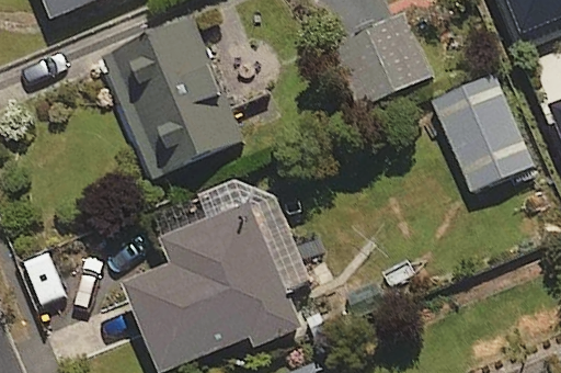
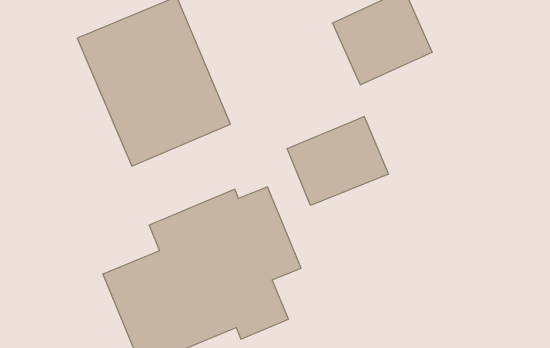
building: [433,77,529,193] -> none
building: none -> [287,116,388,205]

